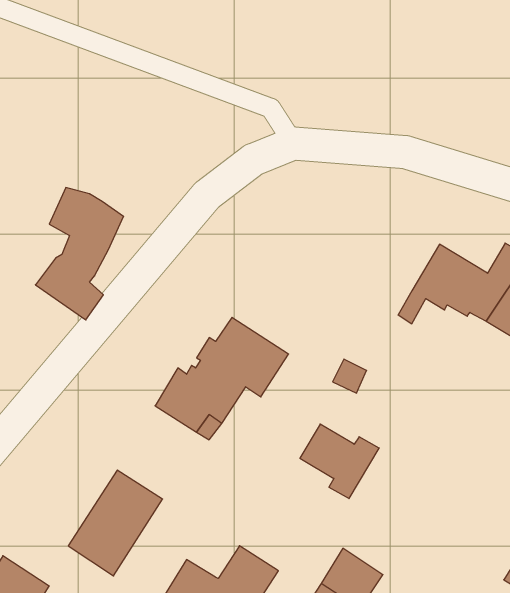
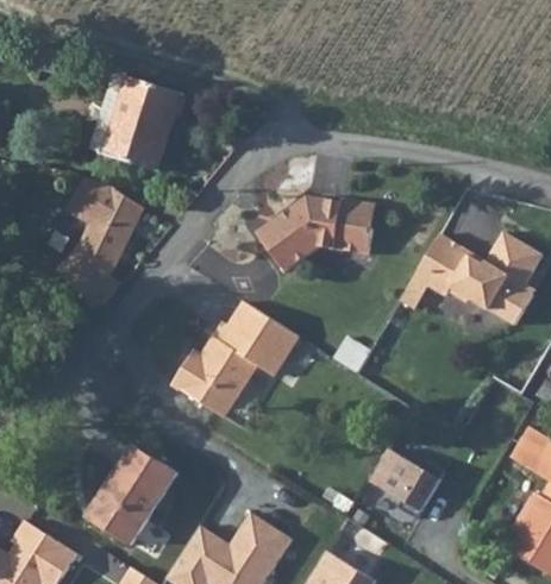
building: none -> [89,74,176,172]
building: none -> [257,195,374,270]
building: [300,424,379,499] -> [368,448,443,519]

